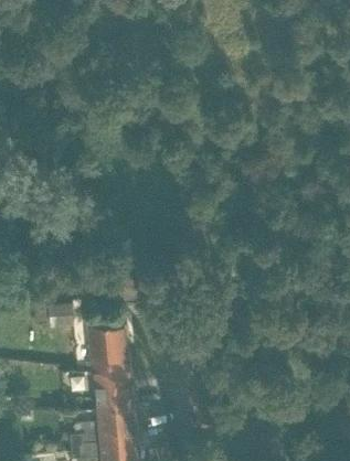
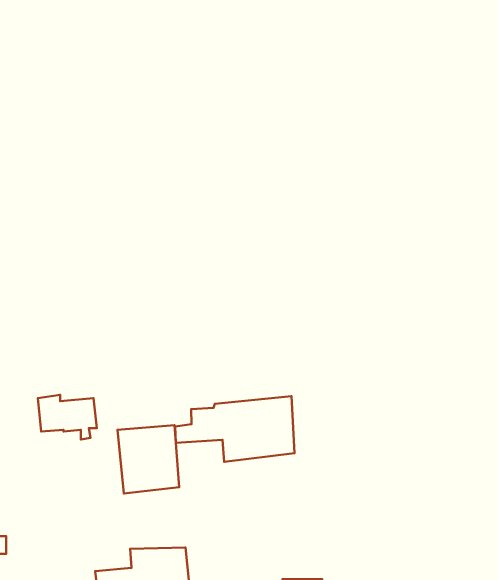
building: none -> [175,396,295,462]
building: [89,371,132,414] -> none

